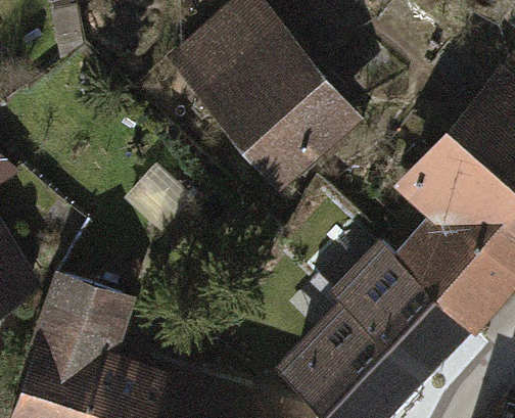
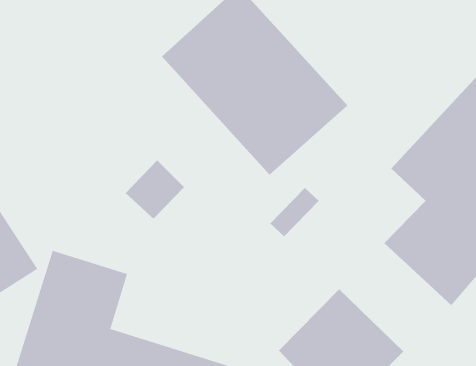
building: [336,244,471,374] -> none

